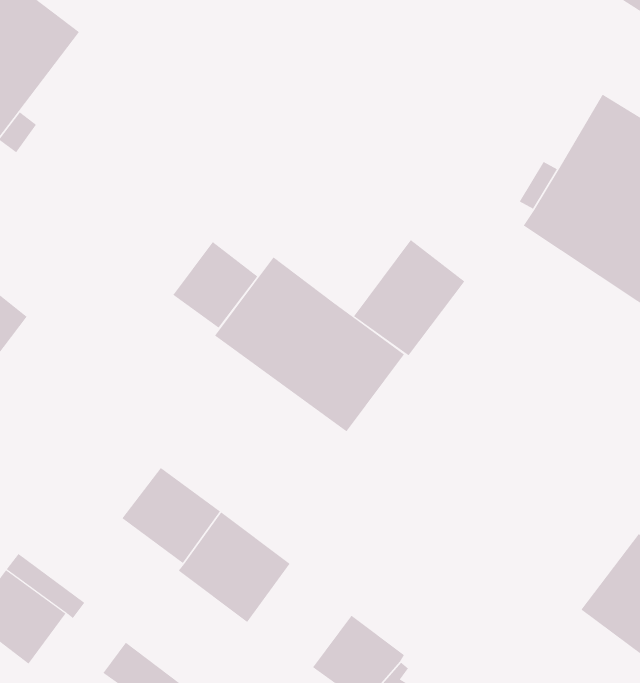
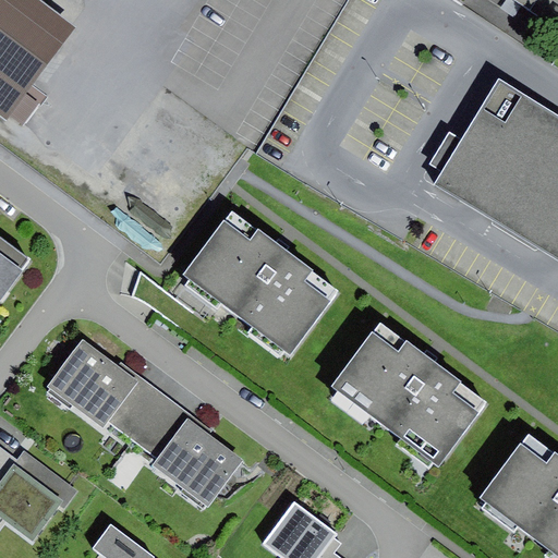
building: [353,239,465,356] -> none
building: [172,241,258,329] -> none
building: none -> [332,322,486,463]
building: none -> [48,339,140,428]

